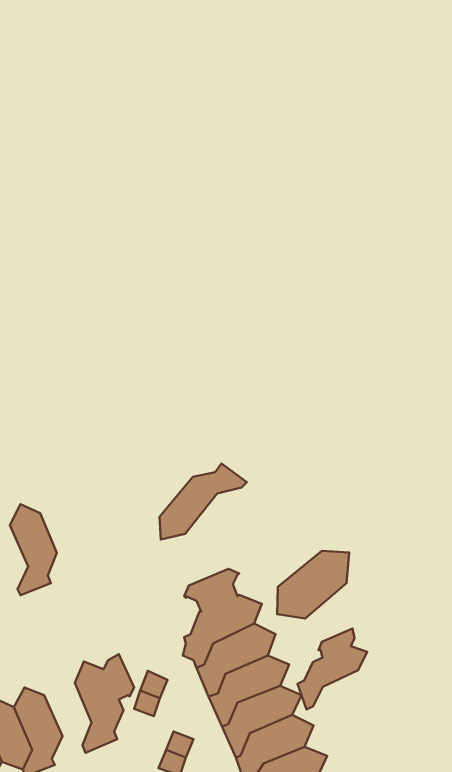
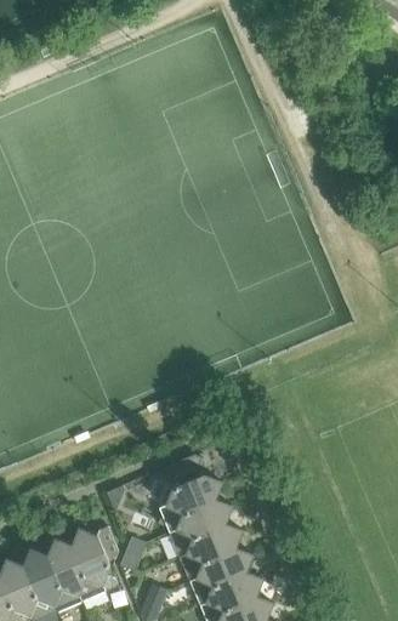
building: [159,464,247,540] -> none
building: [10,504,57,595] -> [47,539,85,611]
building: [277,551,349,618] -> none
building: [297,628,367,709] -> none

